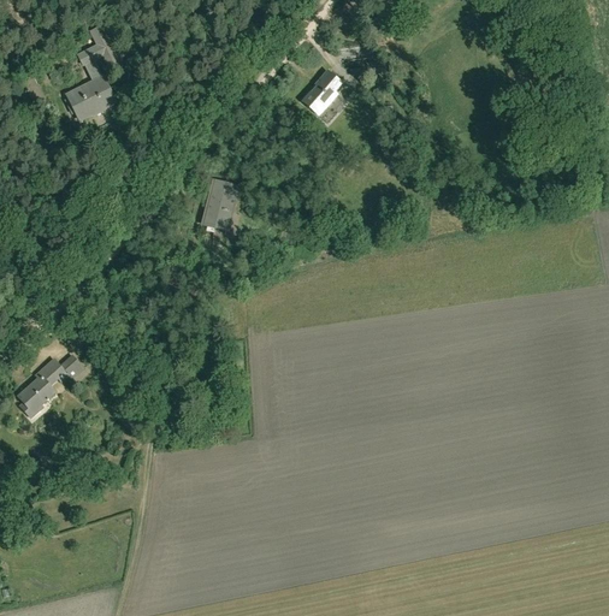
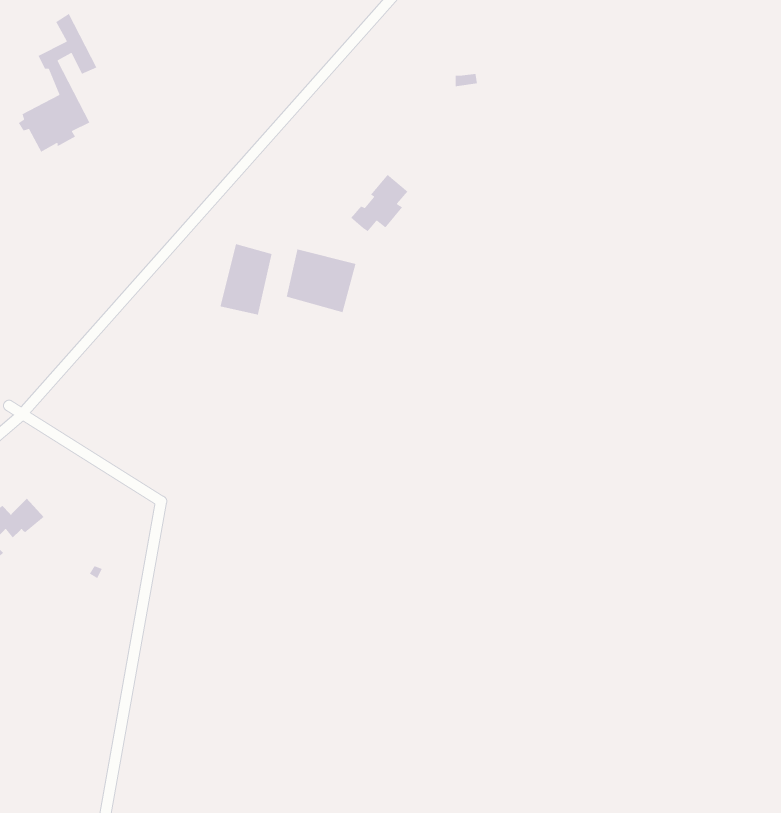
building: [301,71,341,111] -> [350,174,409,232]
building: none -> [286,249,356,313]

